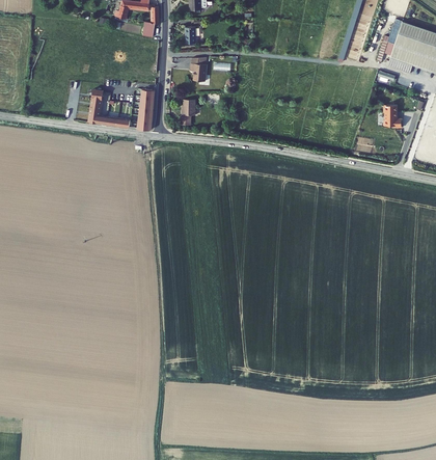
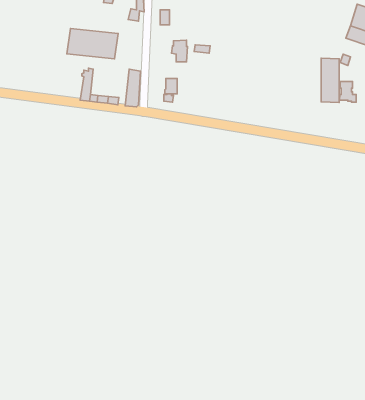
building: none -> [67,28,118,59]
building: none -> [321,58,339,103]

